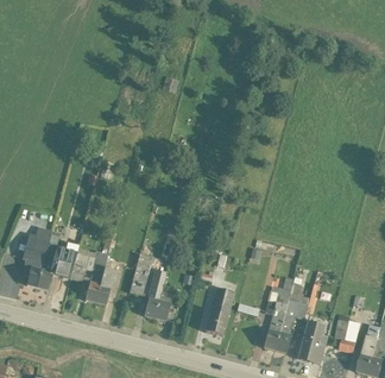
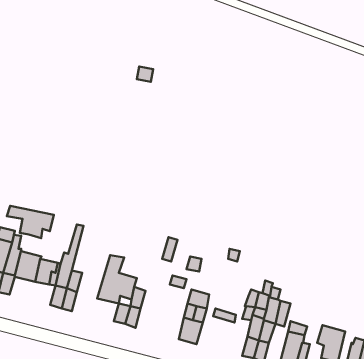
building: none -> [7,206,54,238]

